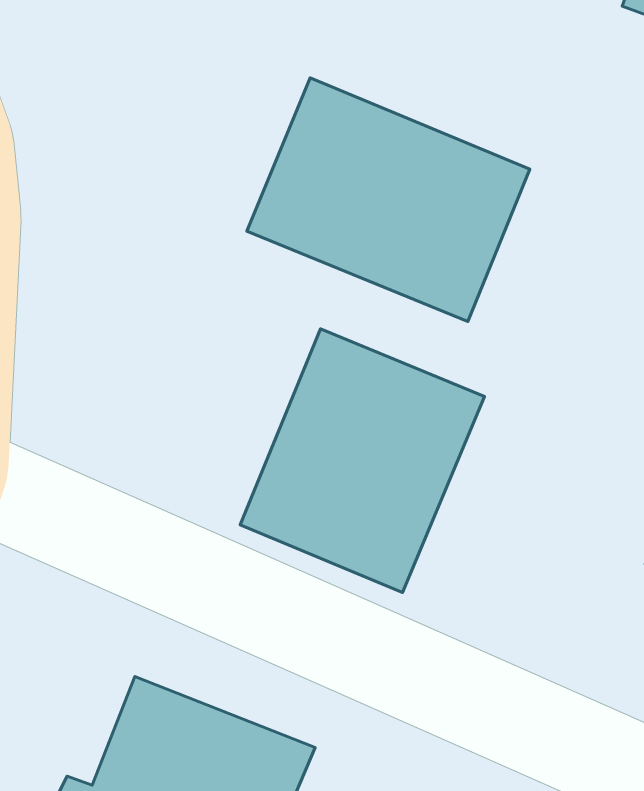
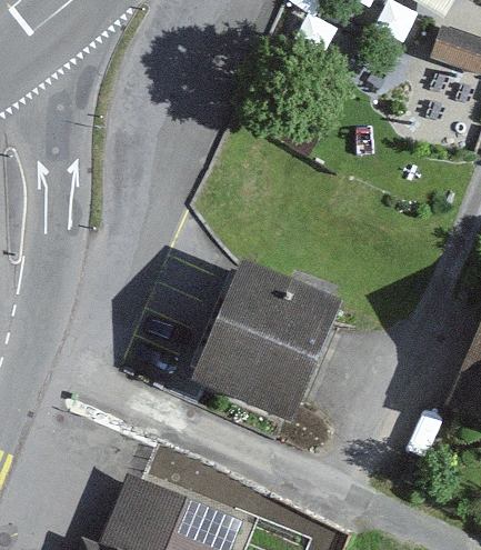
building: [247,78,530,321] -> none

